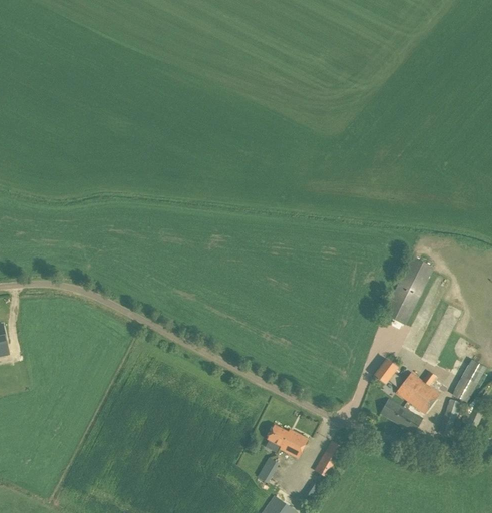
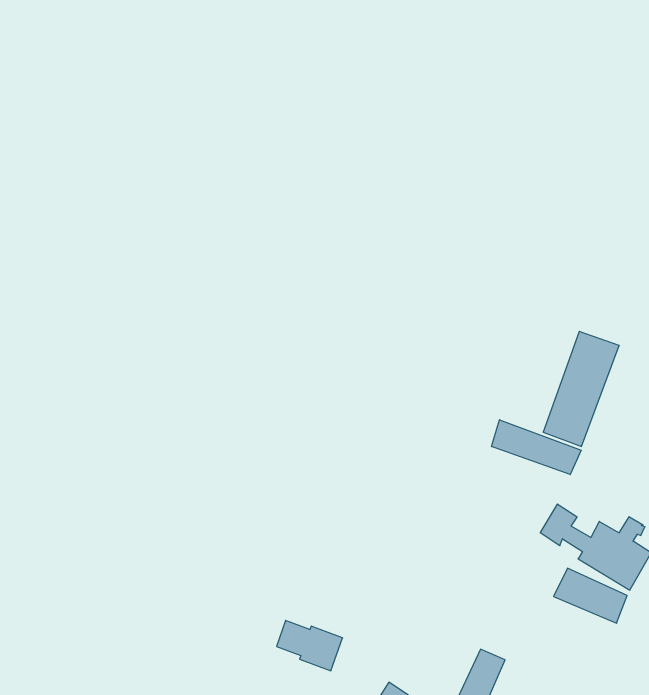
building: none -> [492,420,581,475]
building: [267,425,307,458] -> [277,620,343,671]

